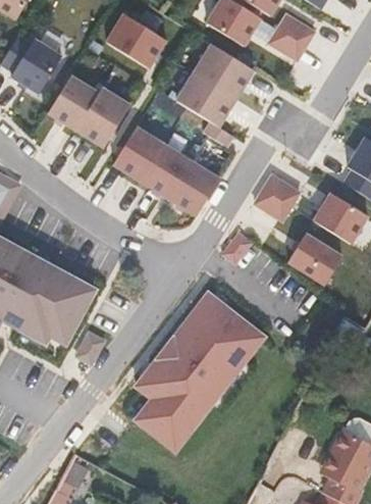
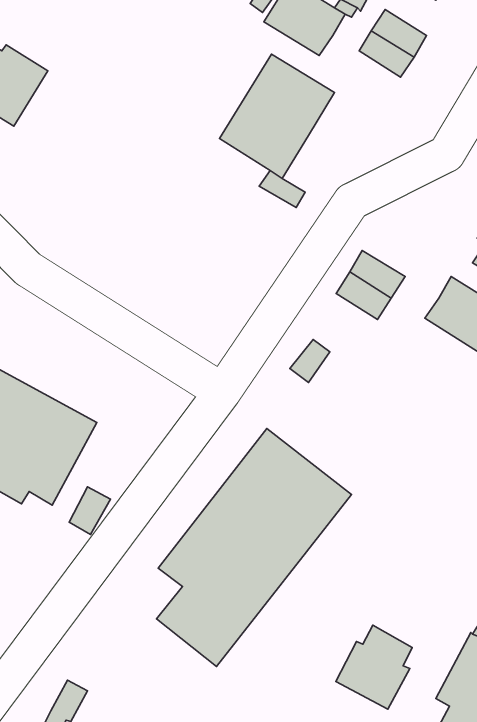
building: [106,13,166,67] -> none
building: [50,75,129,143] -> none
building: [113,127,219,215] -> none
building: [287,233,341,284] -> none
building: none -> [336,625,412,709]

